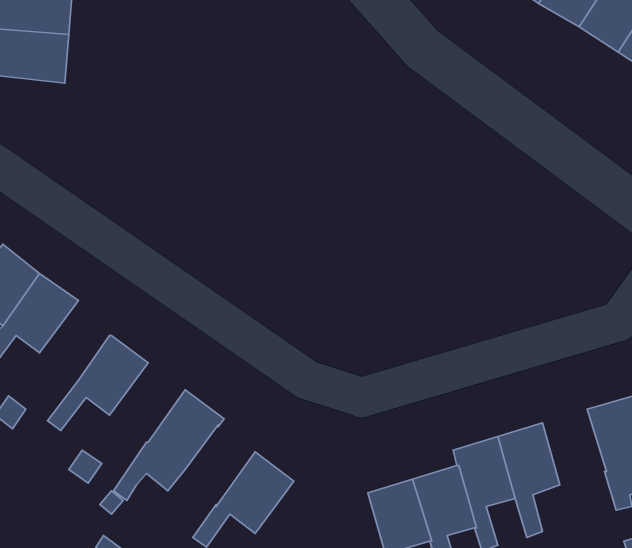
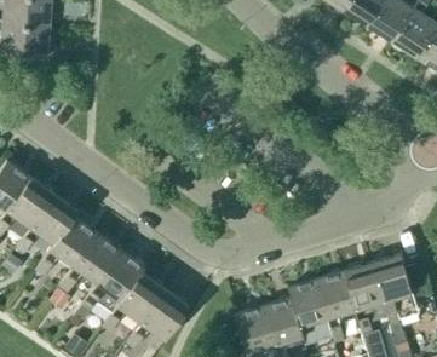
building: none -> [17,194,80,253]
building: none -> [61,232,122,292]
building: none -> [345,261,385,333]
building: none -> [103,271,166,330]

